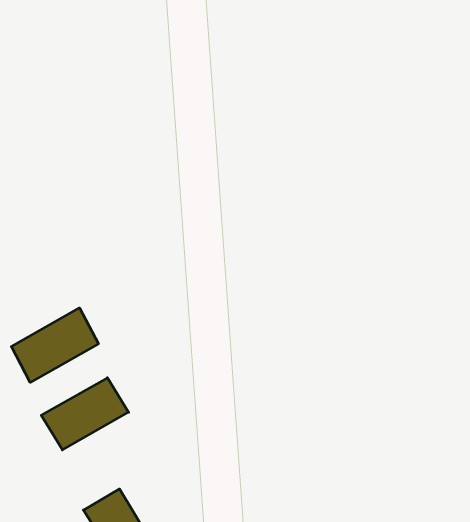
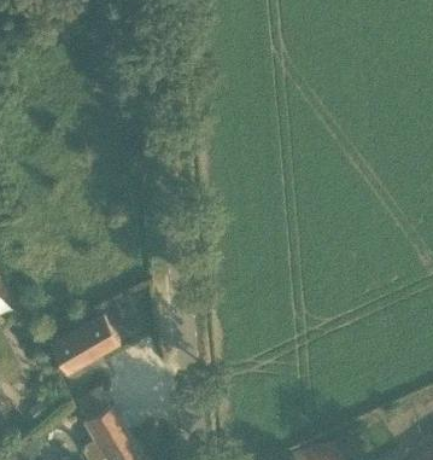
building: [11,308,98,382] -> none

